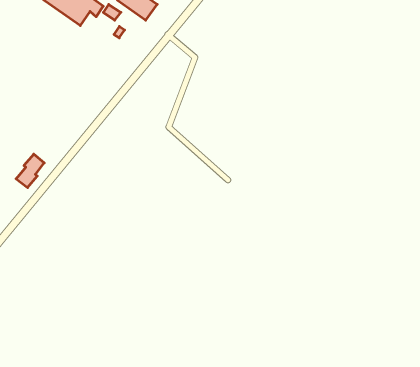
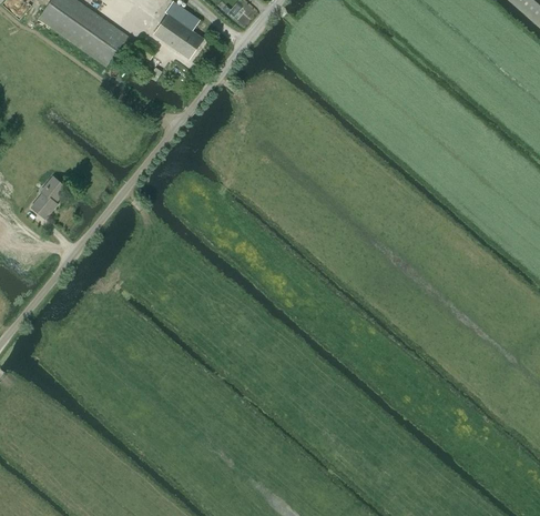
building: [16,154,44,188] -> [30,175,65,217]

